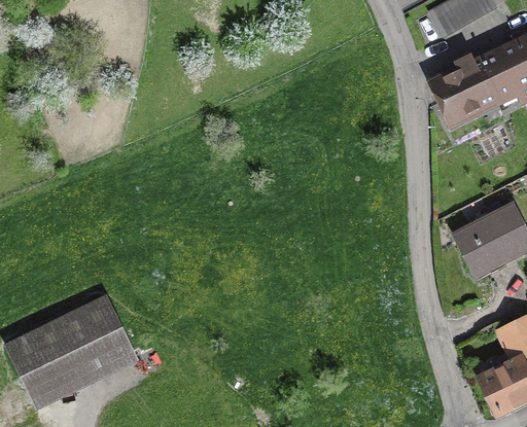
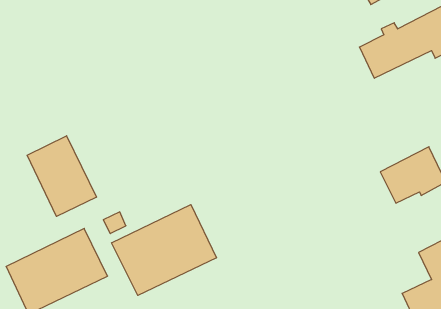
building: none -> [27,136,96,216]
building: none -> [112,205,216,295]

